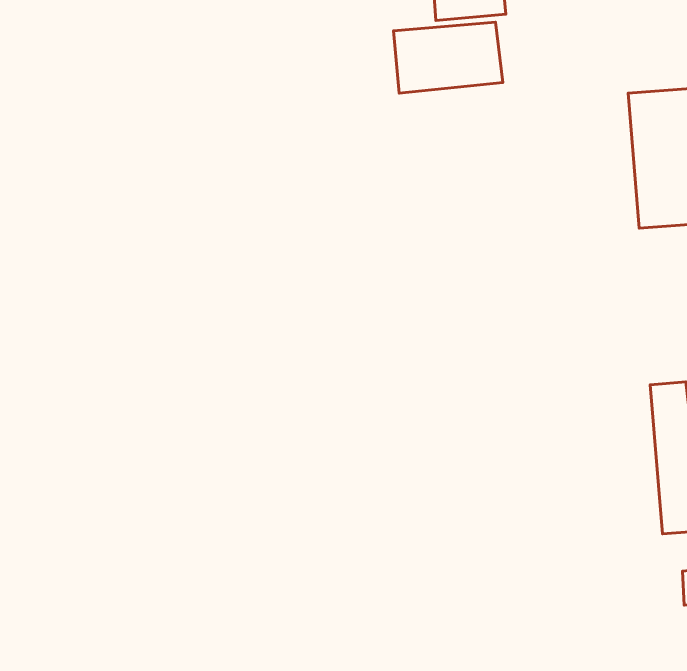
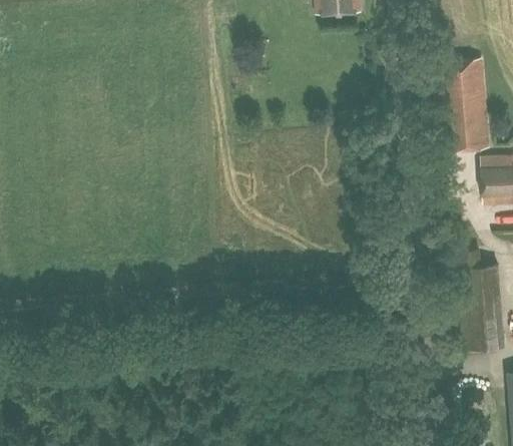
building: [394,22,503,93] -> none

